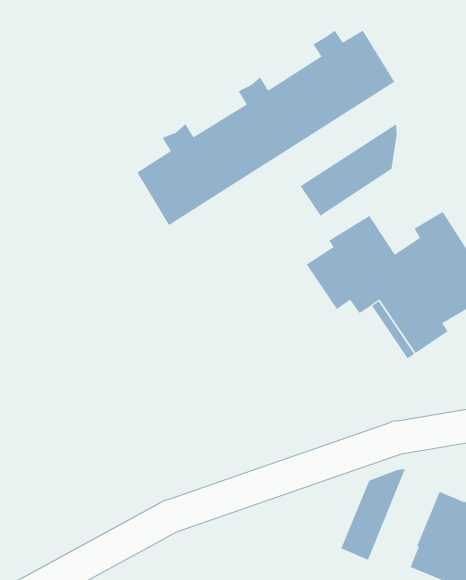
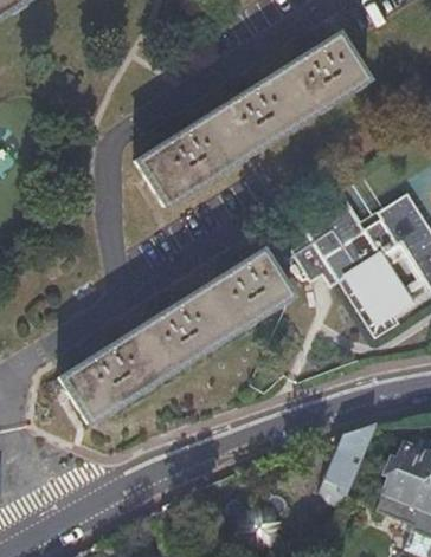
building: [300,123,397,216] -> none
building: none -> [62,250,292,423]

